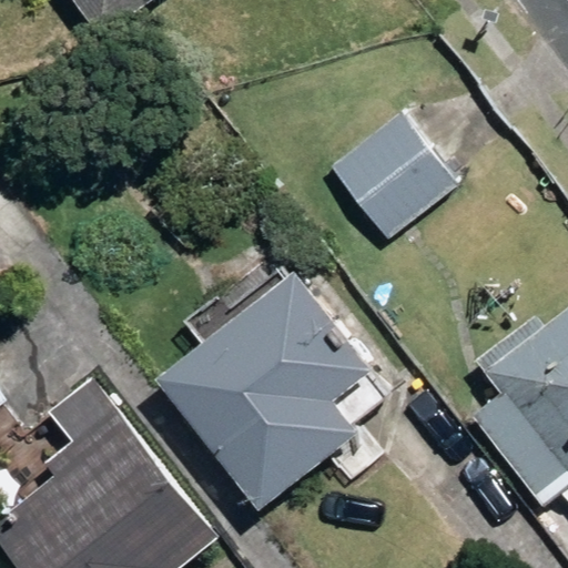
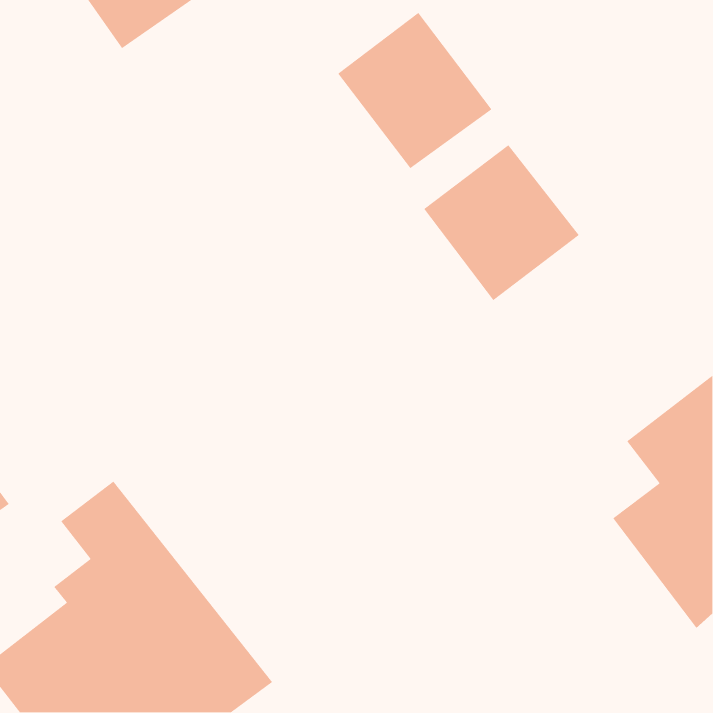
building: none -> [337,12,492,169]
building: [158,277,368,505] -> none

